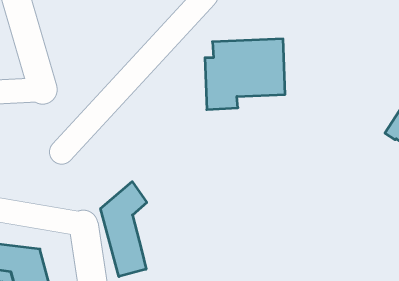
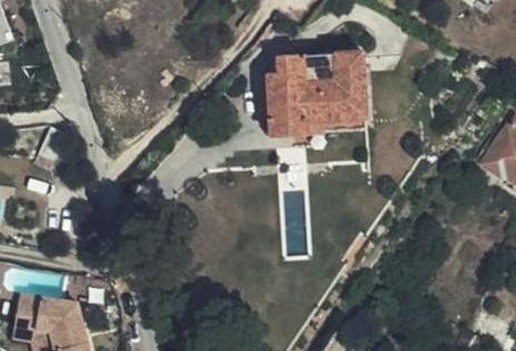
building: [101,182,147,277] -> none

